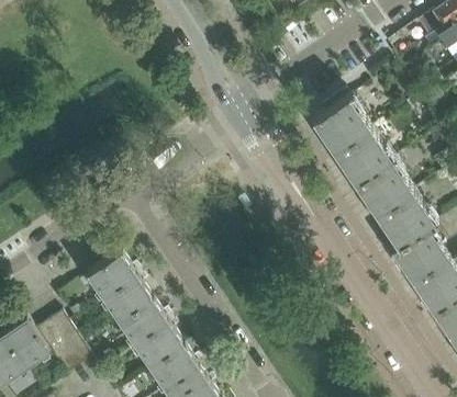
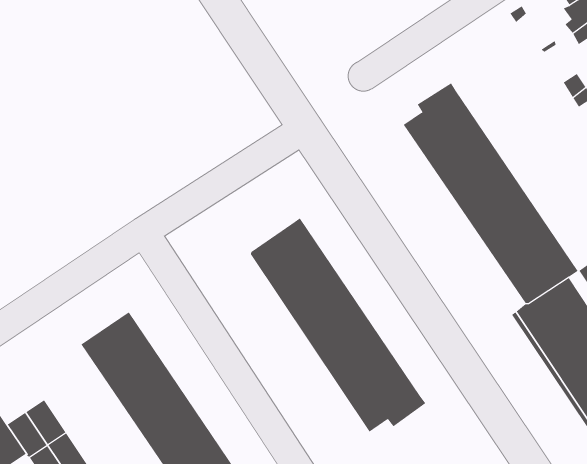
building: none -> [250,217,426,432]

